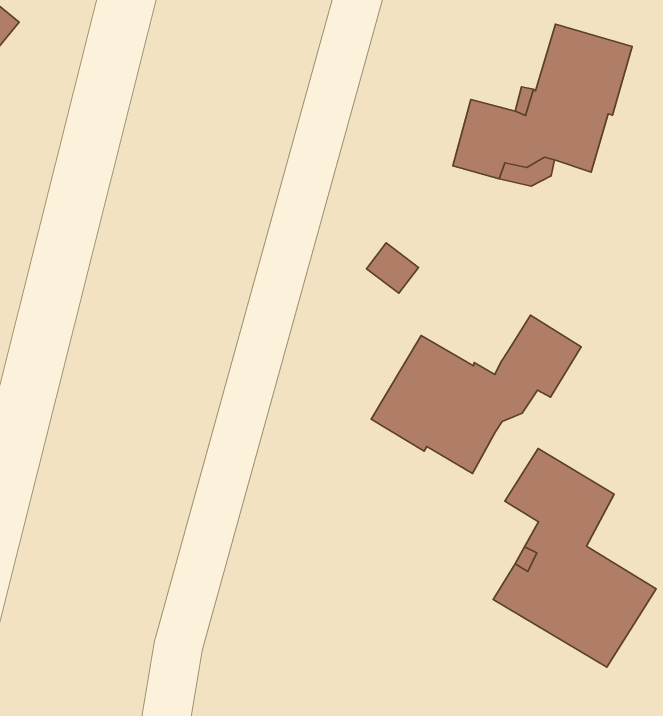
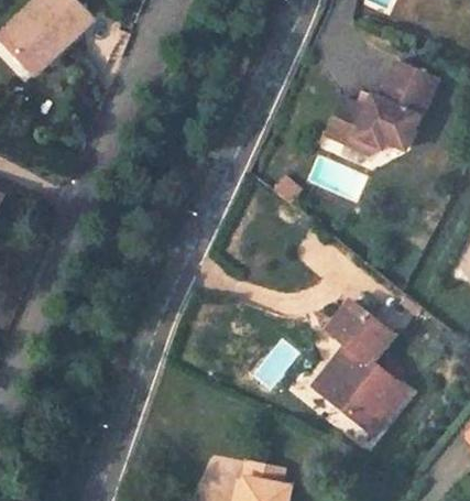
building: [371,315,581,473] -> none

